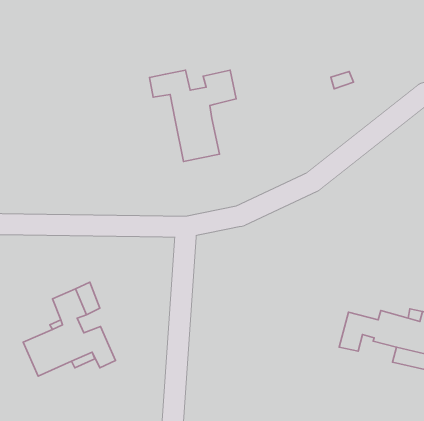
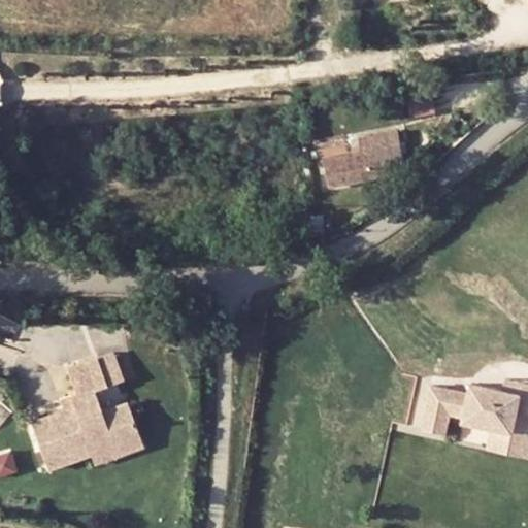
building: [150,70,236,161] -> none
building: none -> [325,126,406,182]

